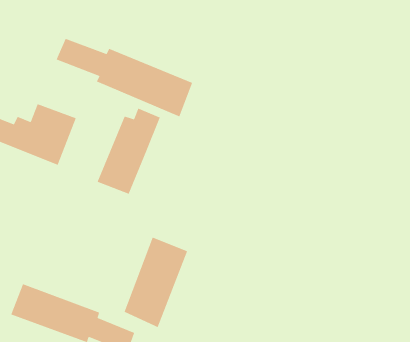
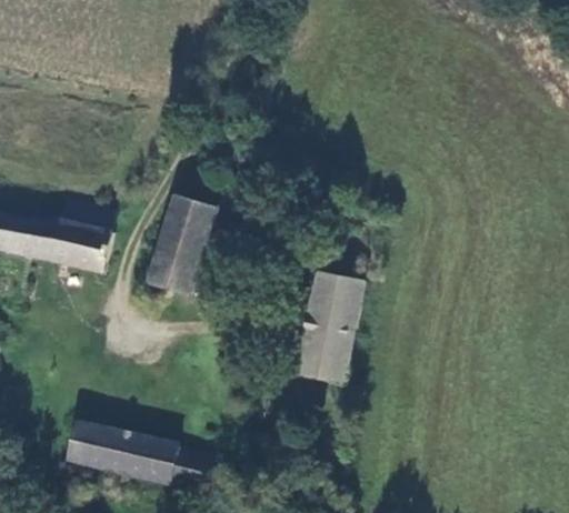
building: [56,38,193,117] -> none
building: [123,237,188,328] -> [293,271,362,382]

